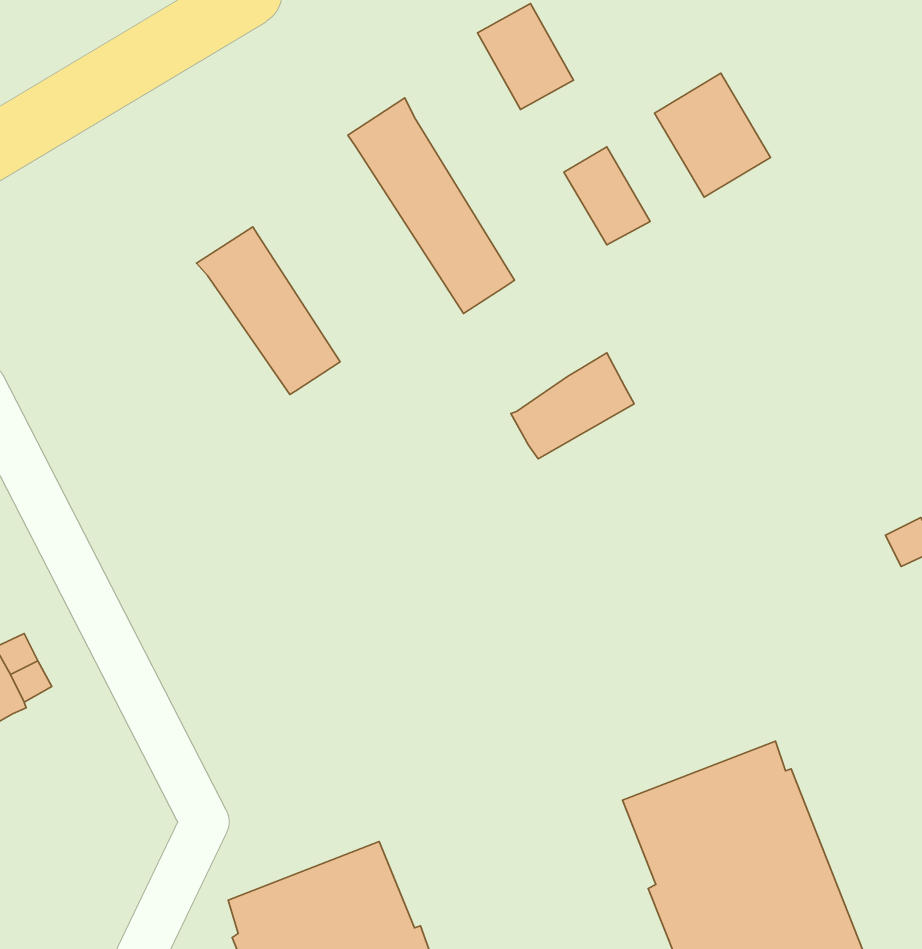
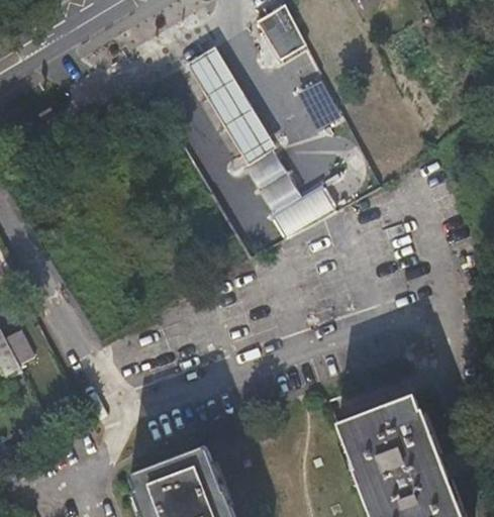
building: [654,73,771,197] -> none
building: [196,227,340,395] -> none
building: none -> [246,151,303,217]

